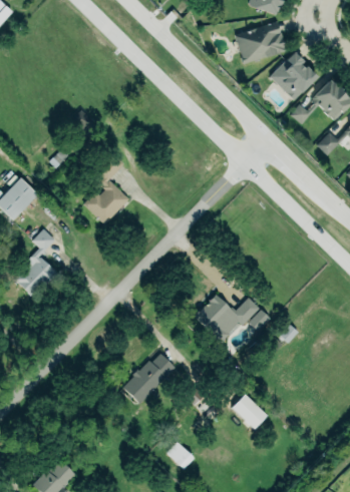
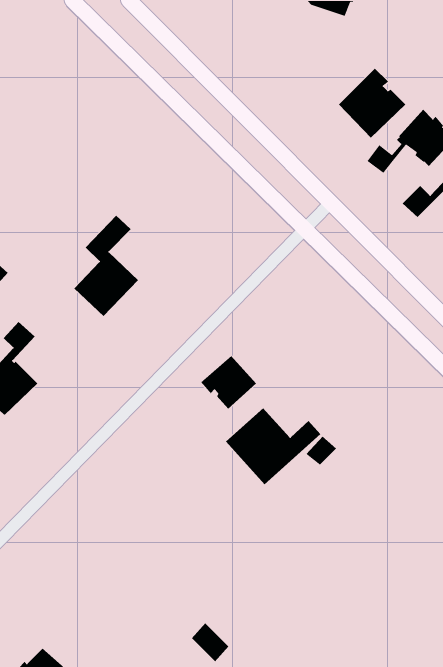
building: [234,22,286,64] -> none
building: none -> [200,355,257,410]
building: [122,352,174,405] -> none
building: [232,395,266,429] -> none

